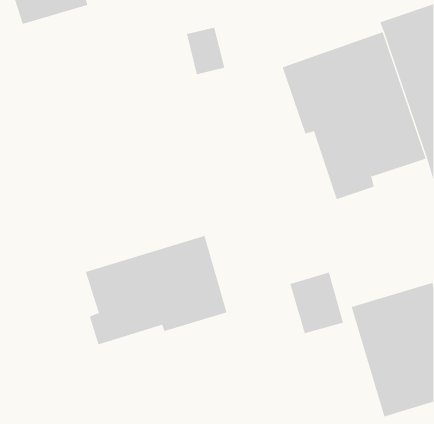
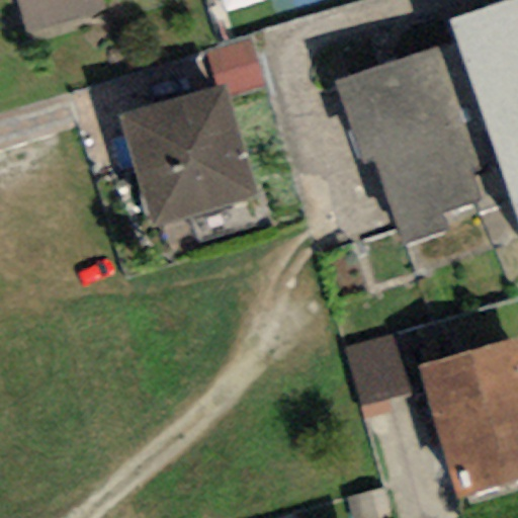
building: none -> [115,85,259,229]
building: [85,235,227,345] -> none

